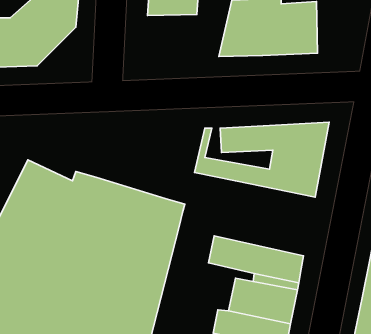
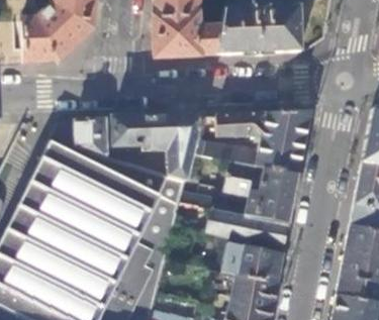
building: none -> [155,16,221,56]
building: none -> [114,114,204,181]
building: none -> [78,118,110,156]
building: none -> [182,159,299,224]

